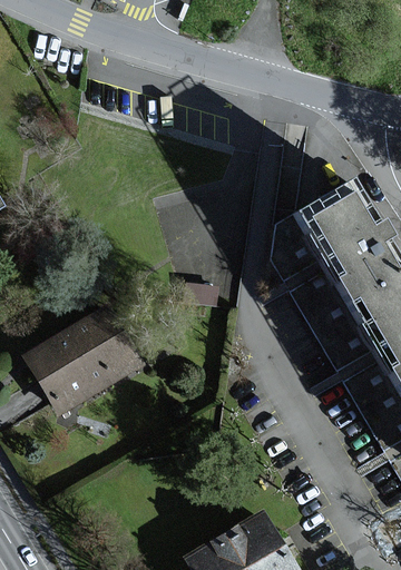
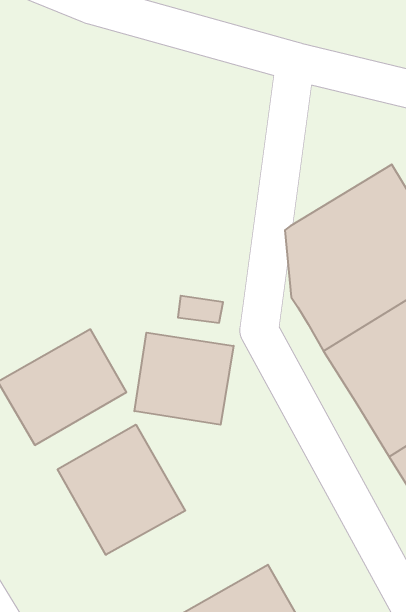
building: none -> [134,333,234,425]
building: none -> [58,425,185,555]

